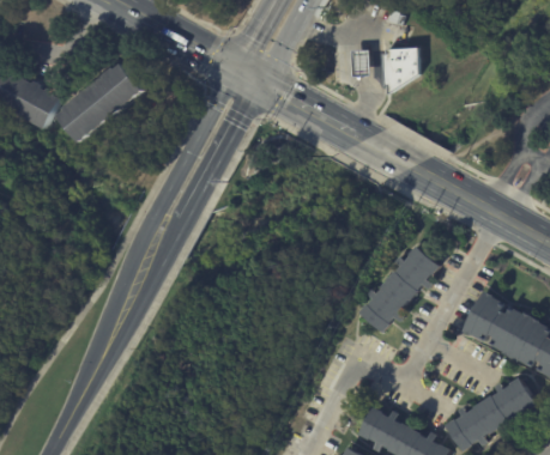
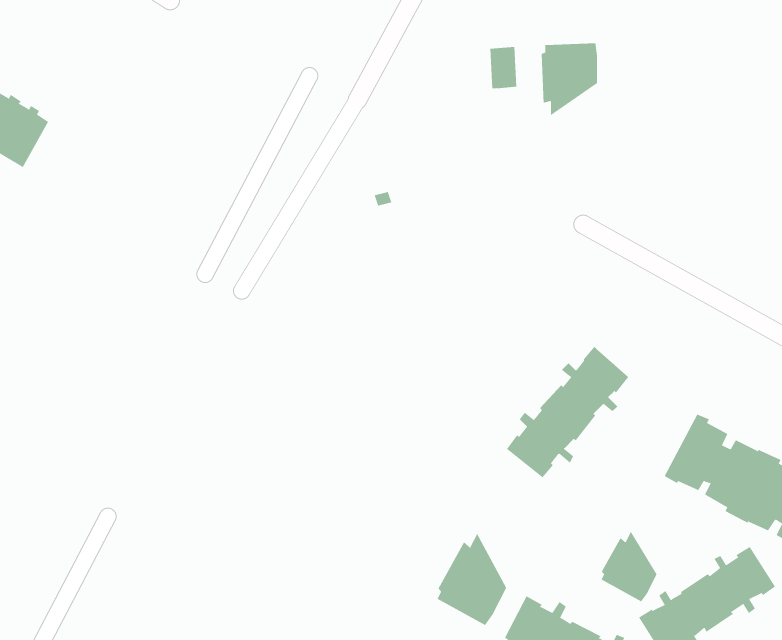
building: [59,63,144,141] -> none
building: none -> [601,531,657,602]
building: none -> [437,533,507,626]

